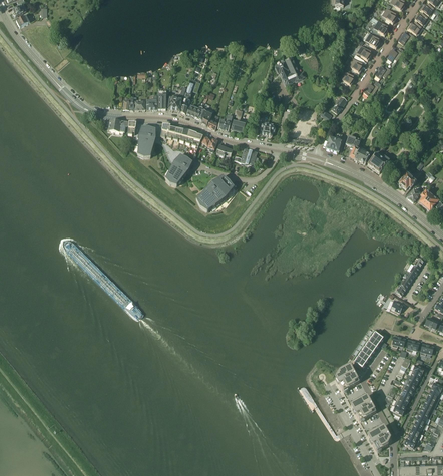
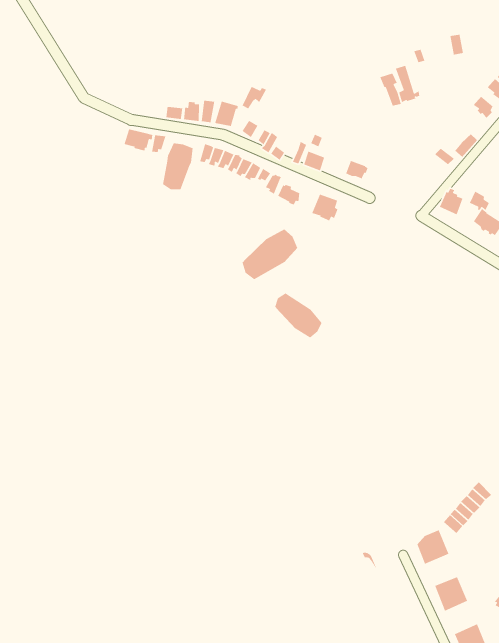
building: [165,152,192,185] -> none
building: none -> [274,292,323,339]

